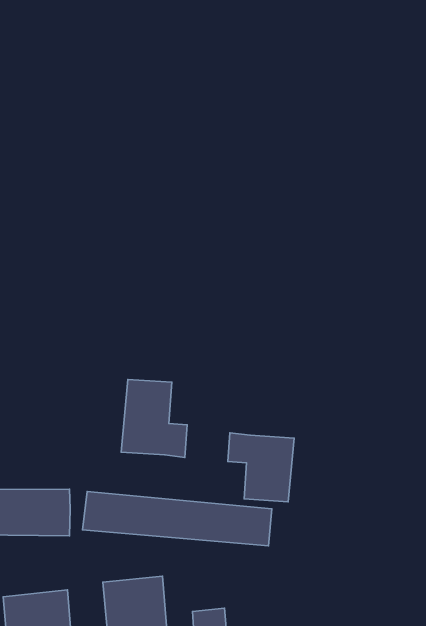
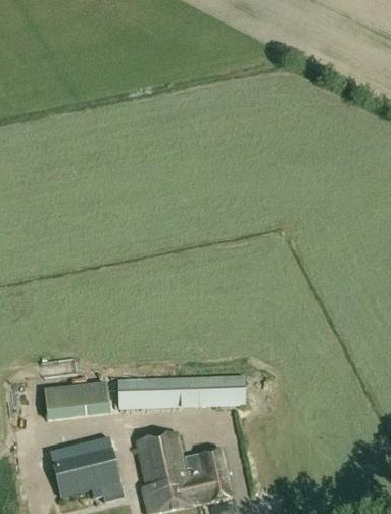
building: [121,379,187,458] -> none
building: [228,433,294,502] -> none

